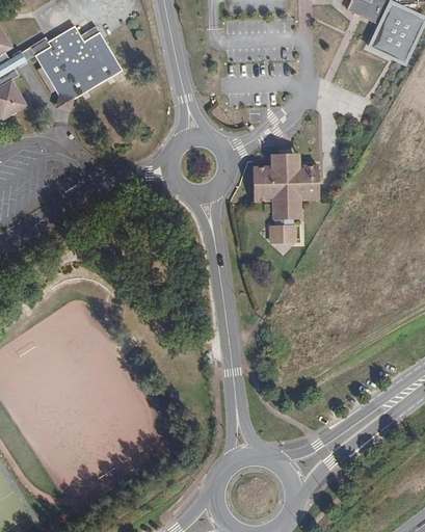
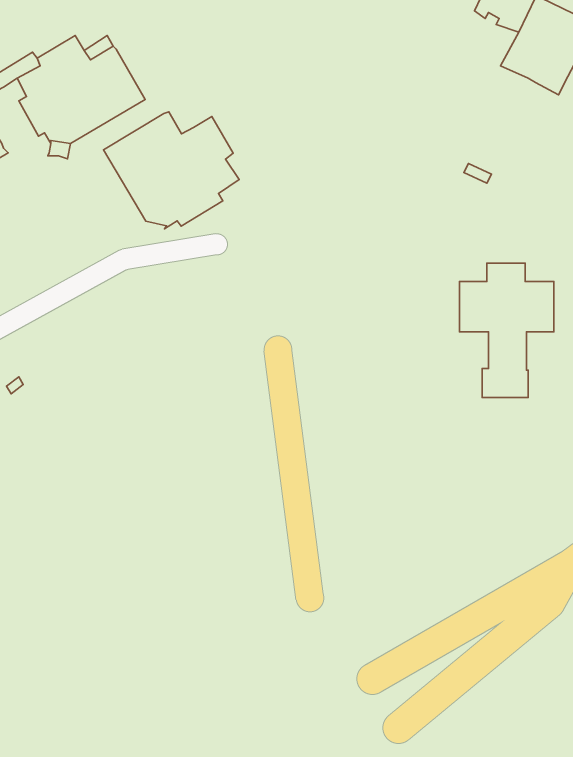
building: none -> [104,112,239,229]
building: [251,153,316,244] -> [459,263,554,398]

